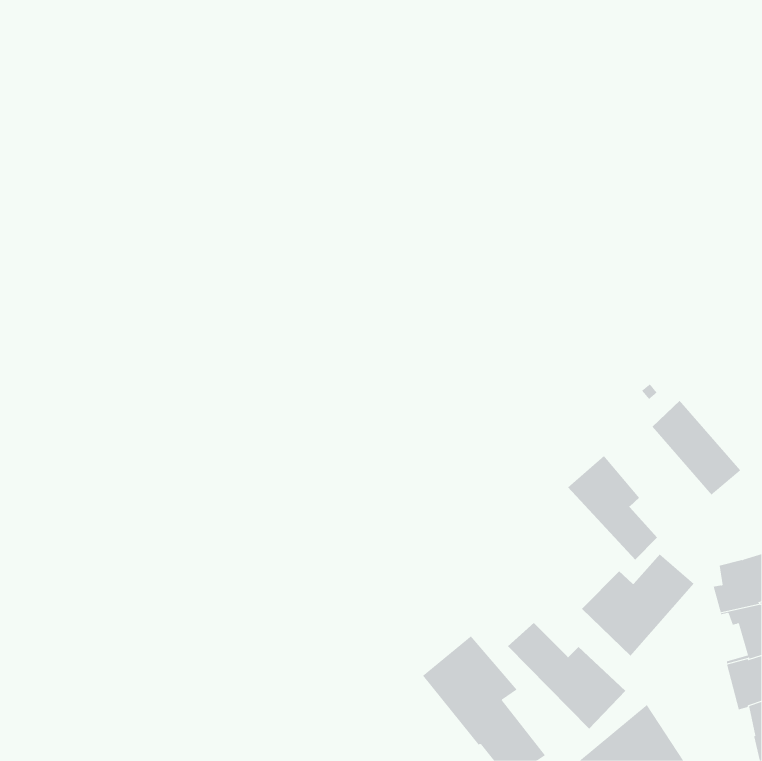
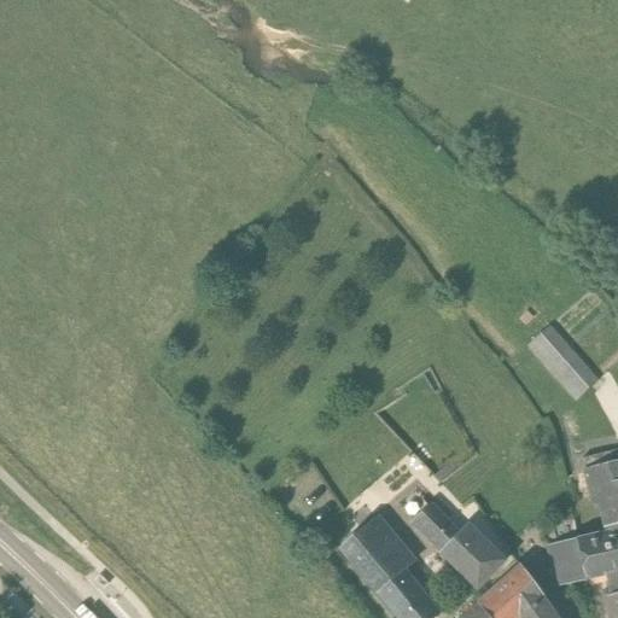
building: [567,455,658,561] -> none
building: [581,554,695,656] -> none
building: none -> [548,535,597,583]

